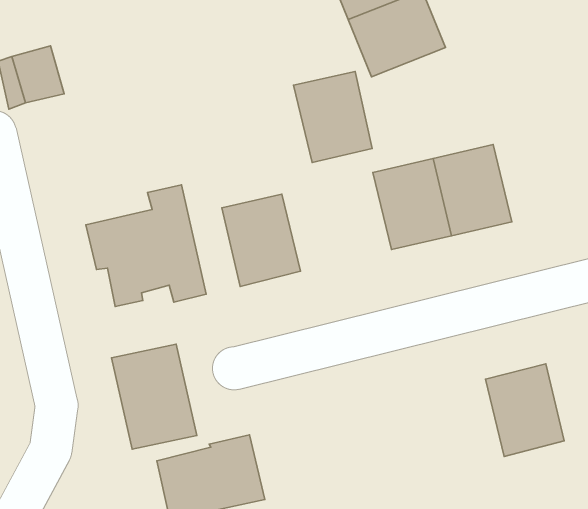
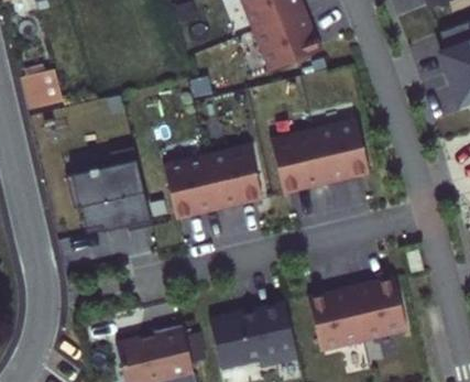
building: [293,71,372,162] -> [206,145,262,210]
building: [111,344,197,449] -> none
building: none -> [308,287,364,352]
building: none -> [210,303,298,370]

